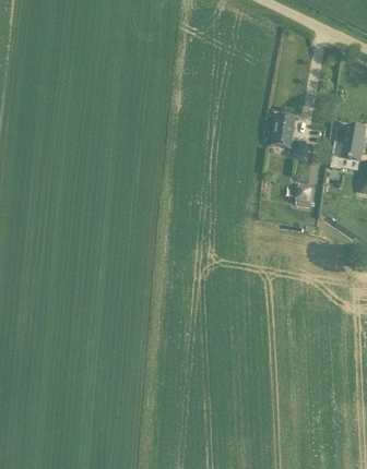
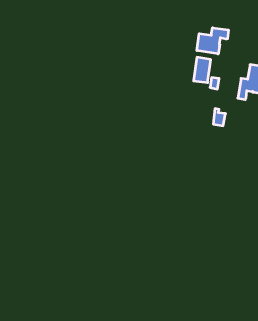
building: none -> [197,28,228,54]

